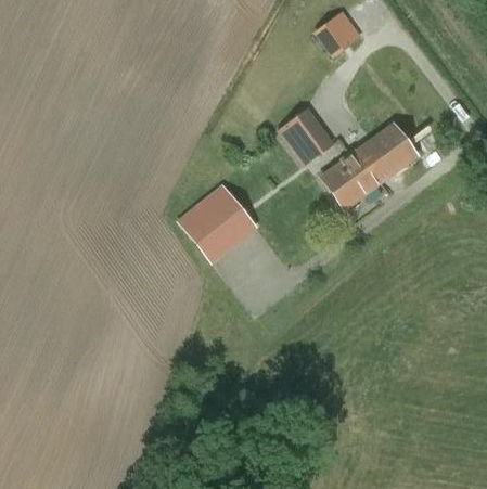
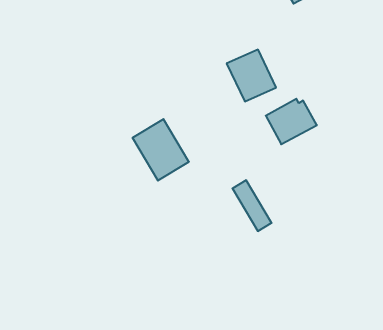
building: [354,126,416,181] -> none
building: [210,184,258,239] -> [232,180,272,231]

